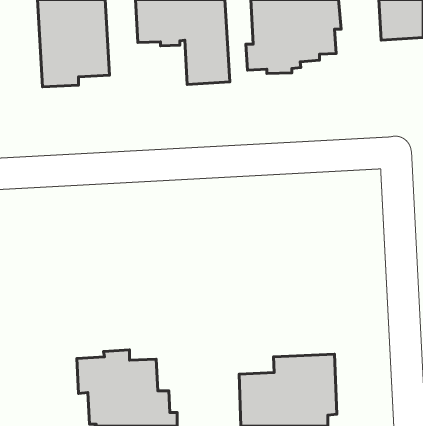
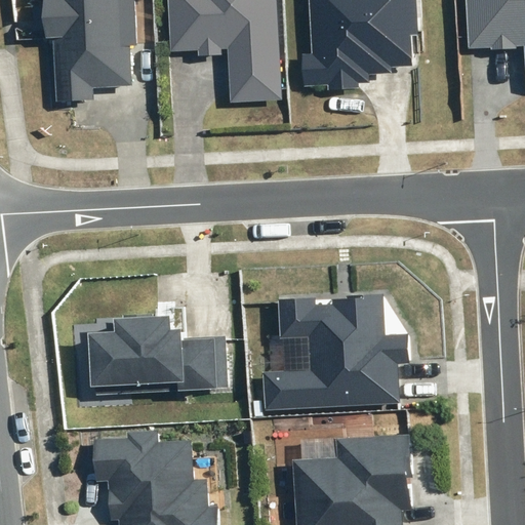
building: none -> [262,296,409,410]
building: none -> [90,317,228,394]

